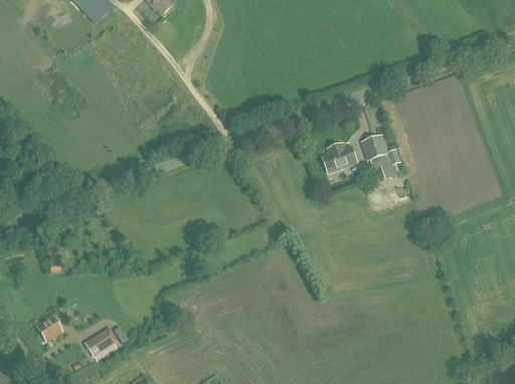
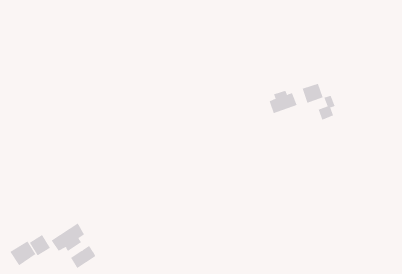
building: none -> [51,222,85,252]
building: none -> [10,240,36,266]

